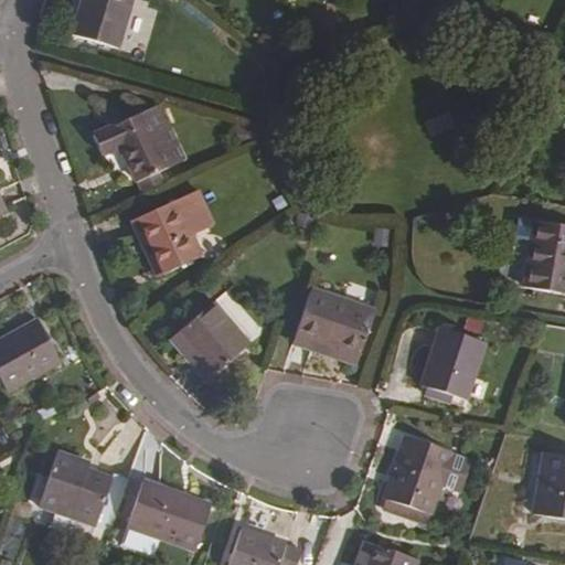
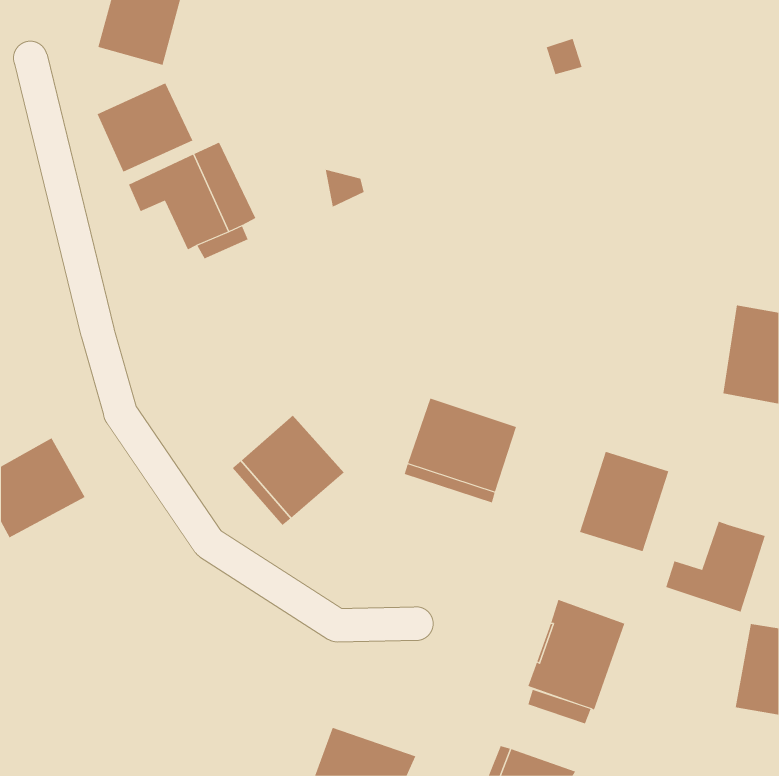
building: none -> [97,82,193,173]
building: [130,189,212,276] -> none
building: none -> [666,521,765,612]
building: [39,451,129,530] -> none
building: [127,479,211,548] -> none

